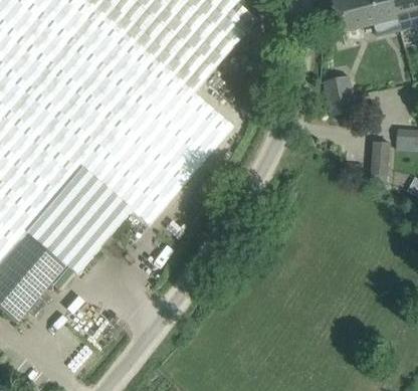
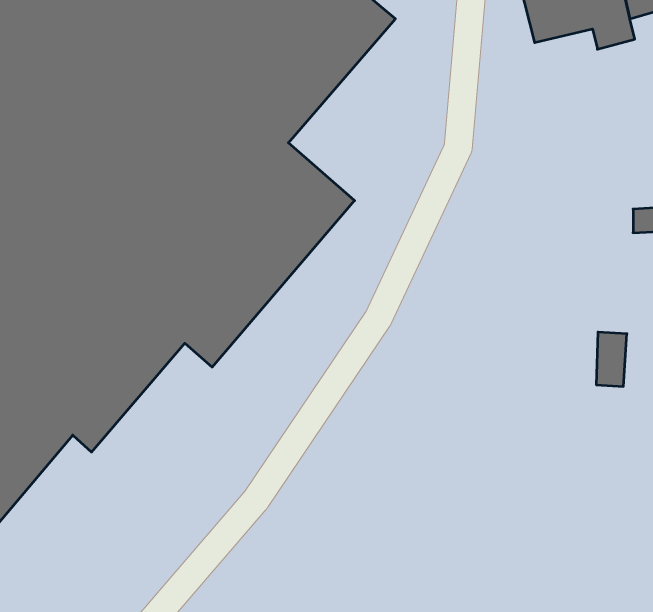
building: [325,75,355,115] -> none
building: [372,141,390,173] -> [596,332,627,386]

